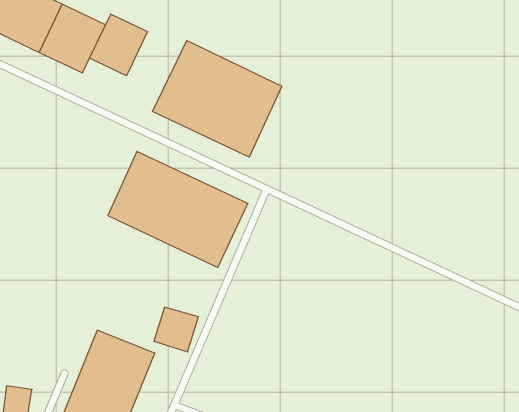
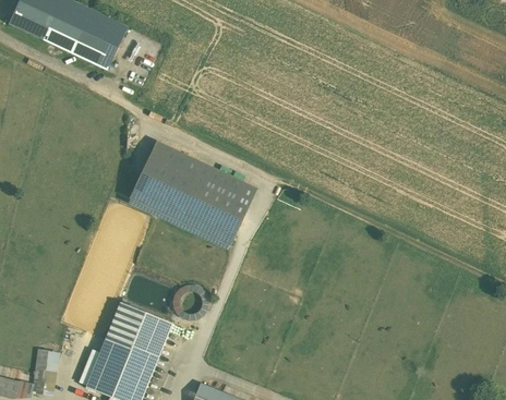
building: [90,14,147,76] -> none
building: [153,40,282,157] -> none

